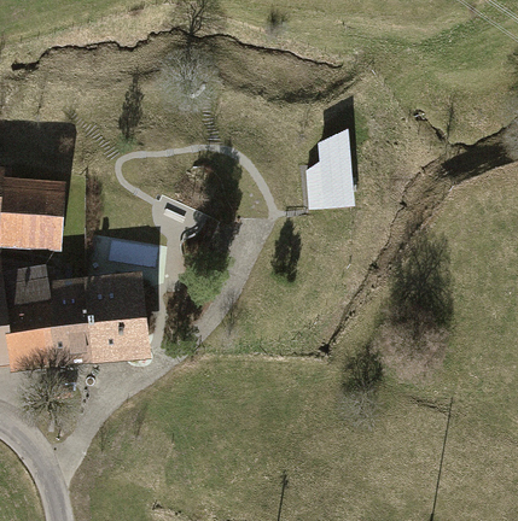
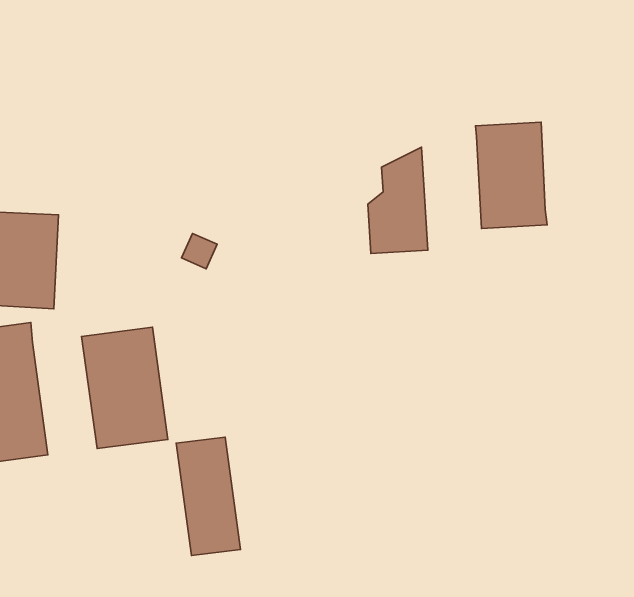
building: none -> [475,122,547,229]
building: [43,275,94,368] -> [176,437,241,556]

